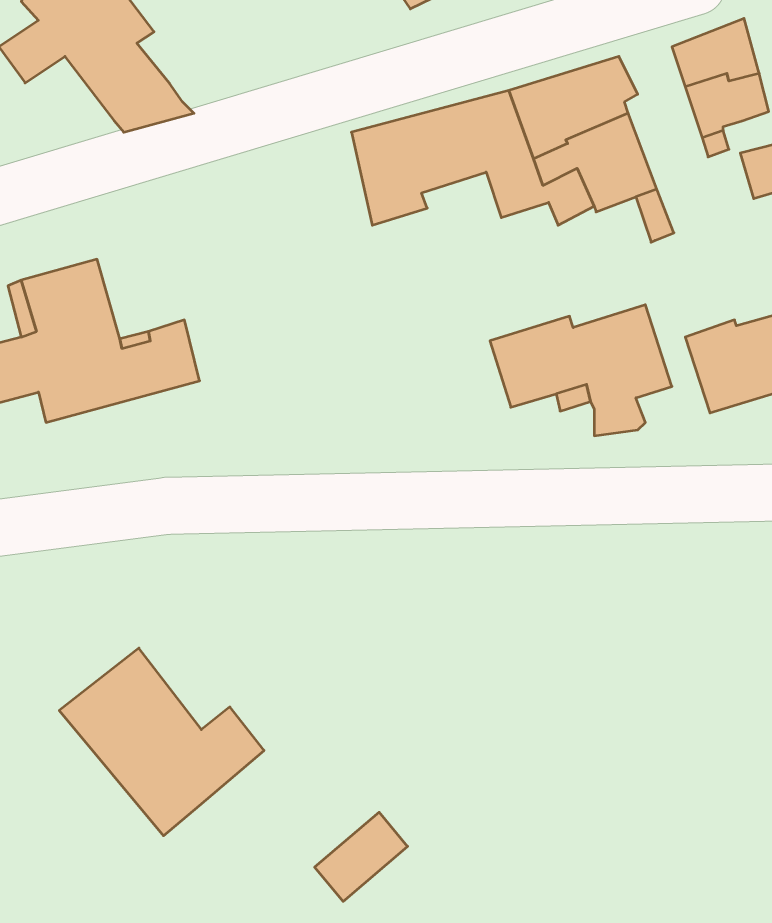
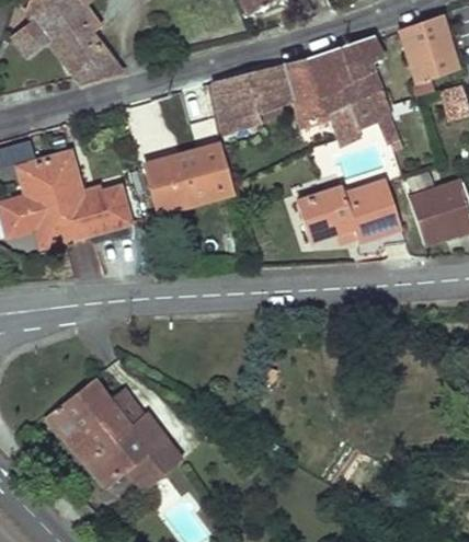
building: none -> [148,143,237,211]
building: [315,812,408,901] -> [128,438,182,489]

